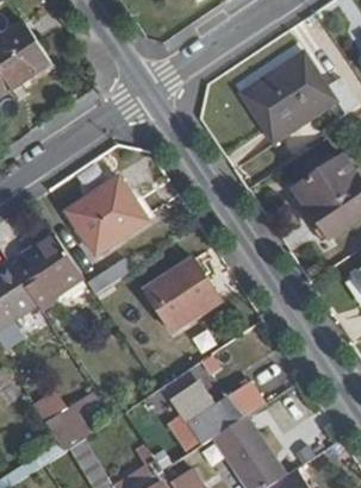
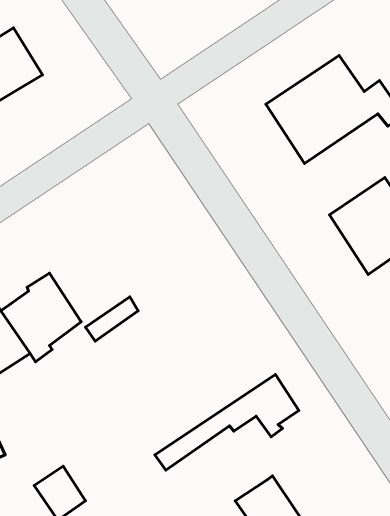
building: [67,176,143,251] -> none
building: [143,257,218,331] -> none
building: [174,384,242,440] -> none

